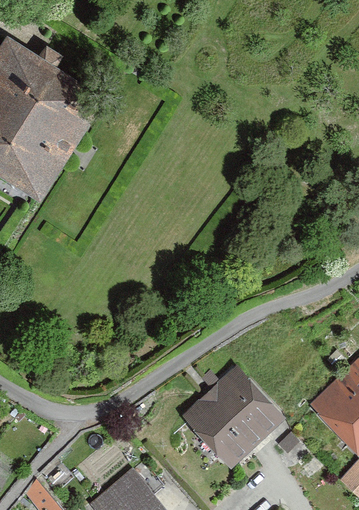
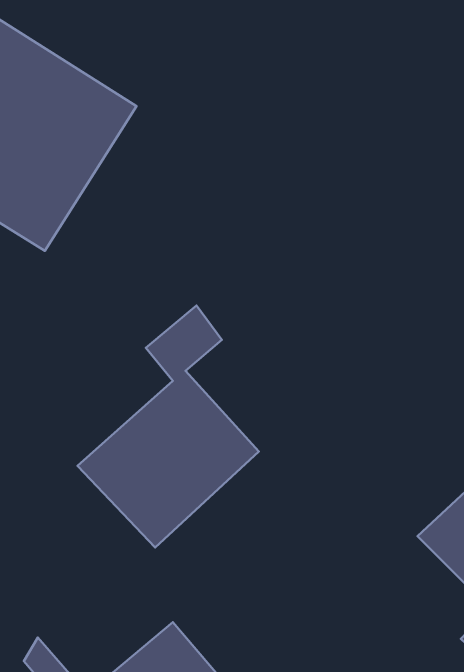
building: none -> [77,305,259,548]
building: [182,365,286,469] -> none

